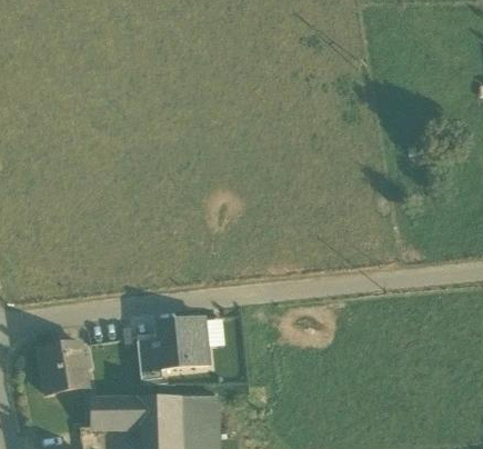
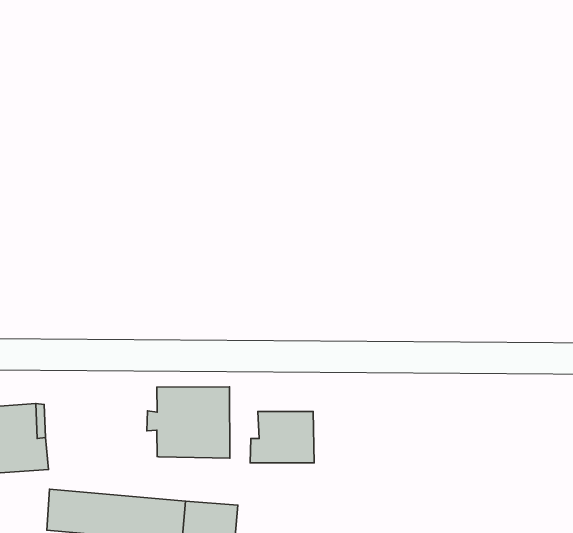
building: none -> [250,411,314,463]
building: [138,338,163,379] -> none

